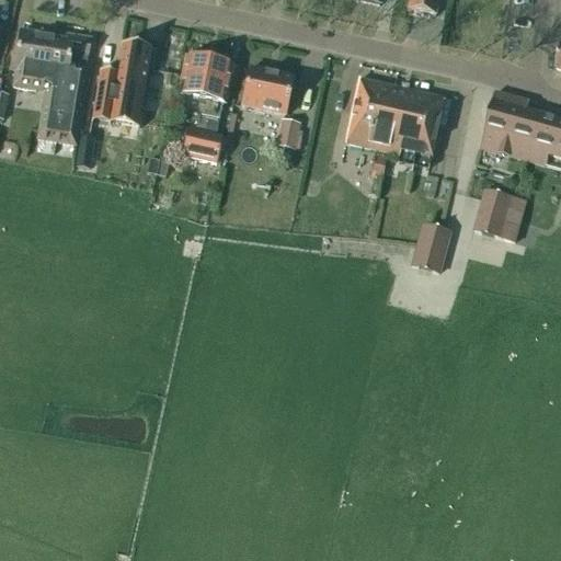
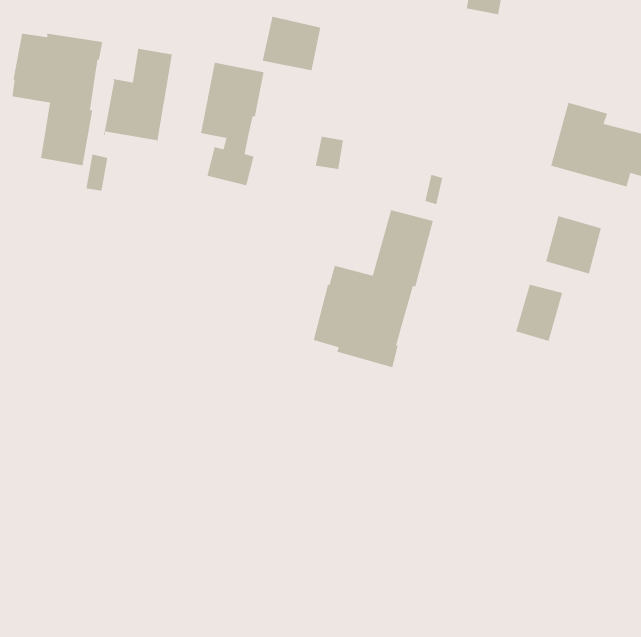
building: [242,66,294,114] -> [262,16,321,71]
building: [346,78,445,160] -> none
building: none -> [313,209,434,368]
building: [411,222,453,273] -> [515,284,563,342]

